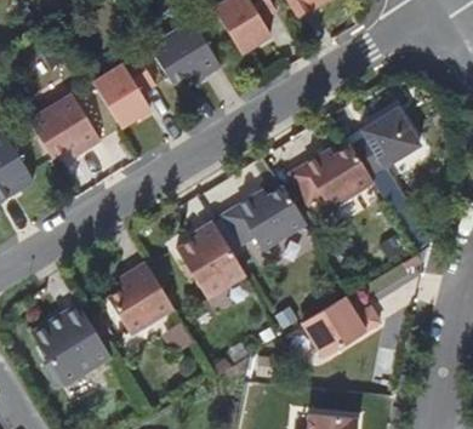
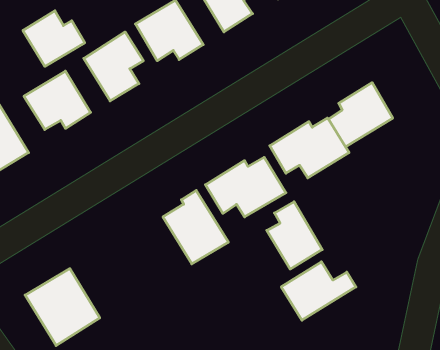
building: none -> [23,11,85,66]
building: none -> [267,202,322,269]
building: [109,263,173,333] -> none

